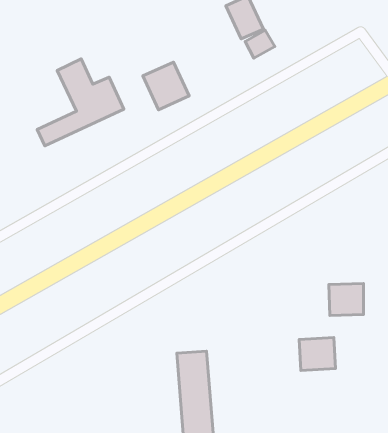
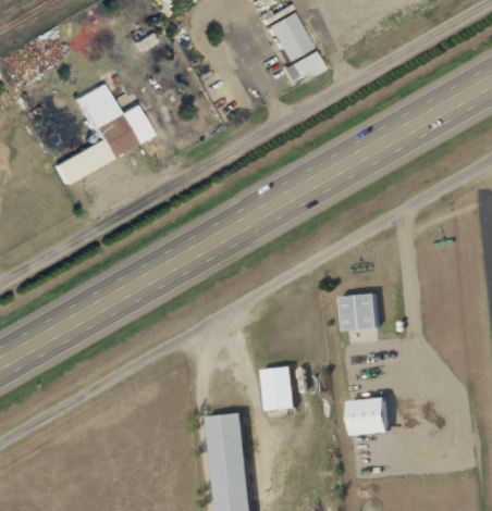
building: [143,62,189,110] -> none
building: [329,284,364,315] -> [339,294,378,329]
building: none -> [261,366,293,410]

